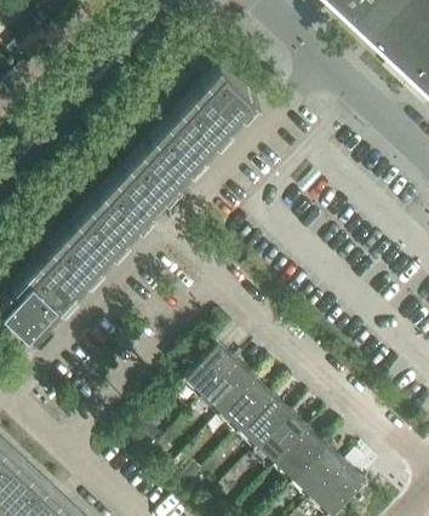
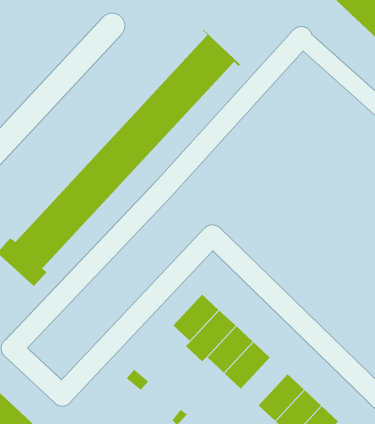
building: [261,413,310,464] -> none

